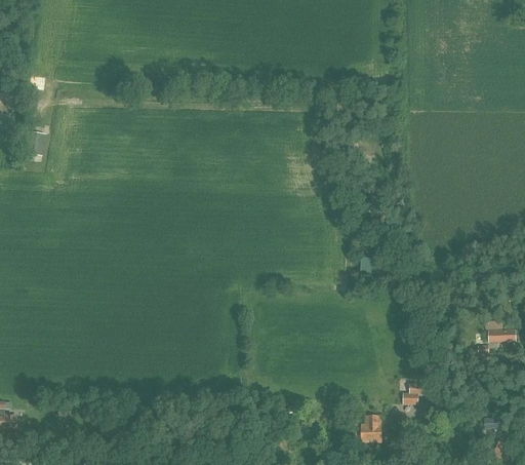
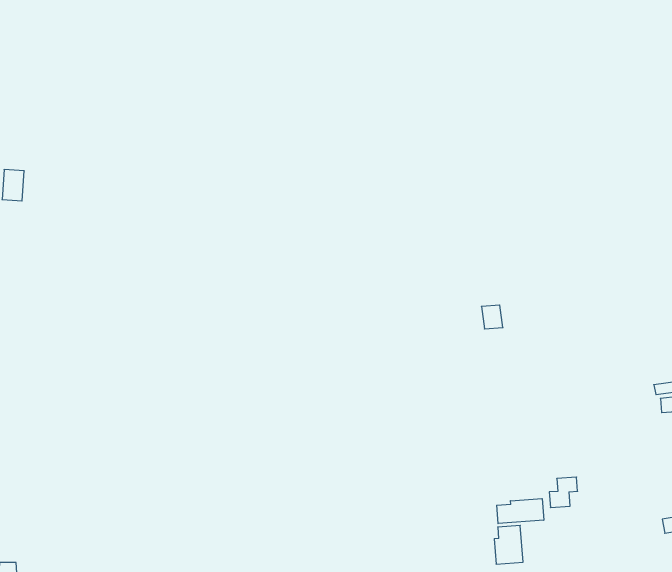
building: none -> [497,499,544,524]

